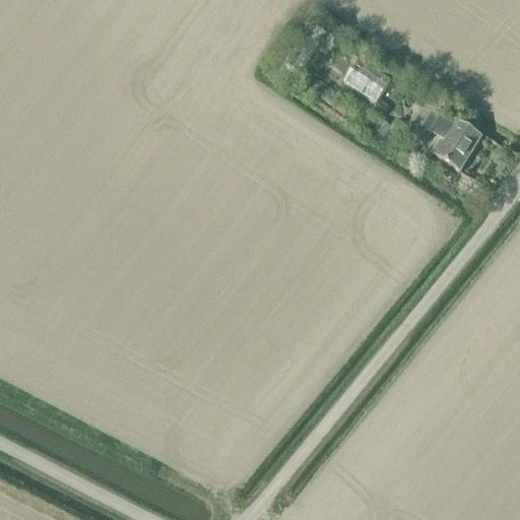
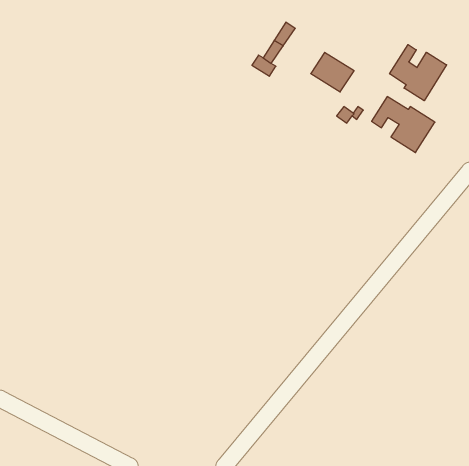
building: none -> [390,45,447,101]

